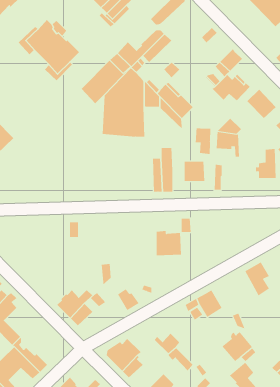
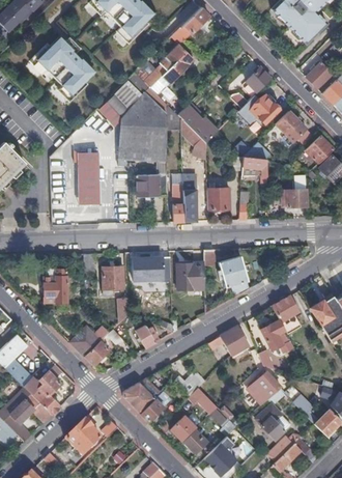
building: none -> [79,150,101,202]
building: [195,127,211,155] -> none
building: none -> [137,174,168,197]
building: none -> [133,255,171,283]
building: none -> [218,256,250,301]
building: none -> [44,265,67,303]
building: none -> [103,266,127,289]
building: none -> [261,320,293,353]
building: none -> [38,365,62,397]

